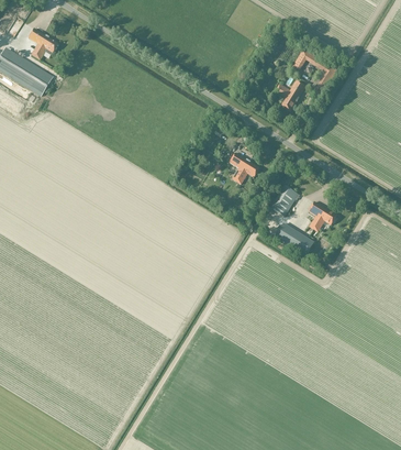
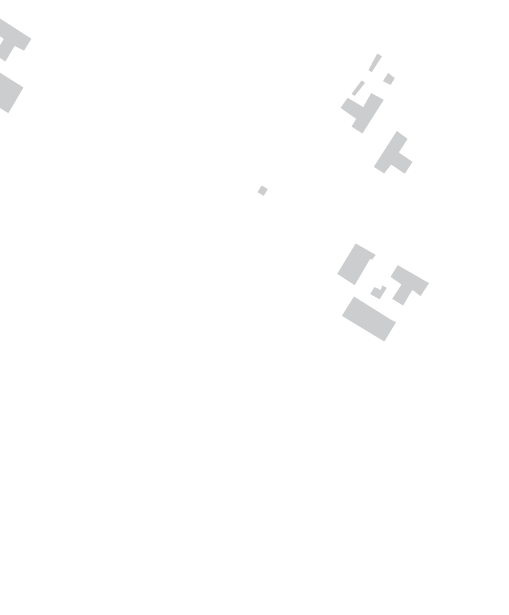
building: none -> [373,130,413,175]
building: [230,153,260,184] -> none

